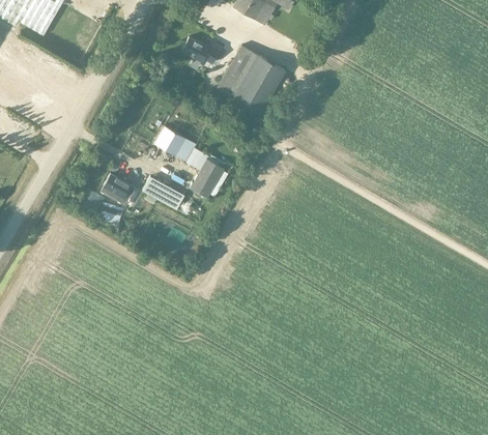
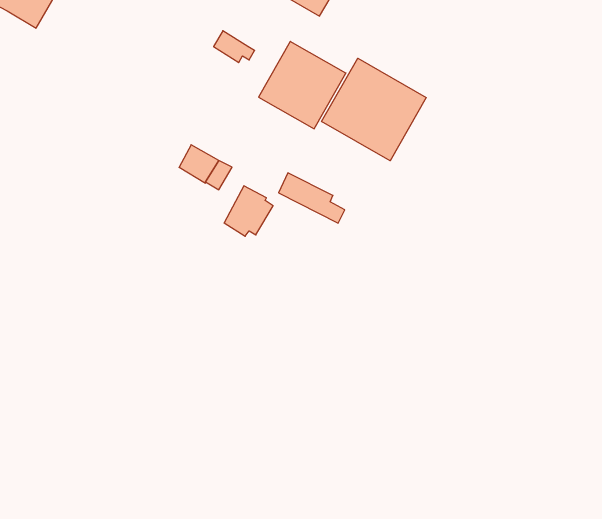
building: none -> [322,58,426,161]
building: [139,171,191,210] -> [279,173,345,223]
building: [99,173,135,206] -> none

